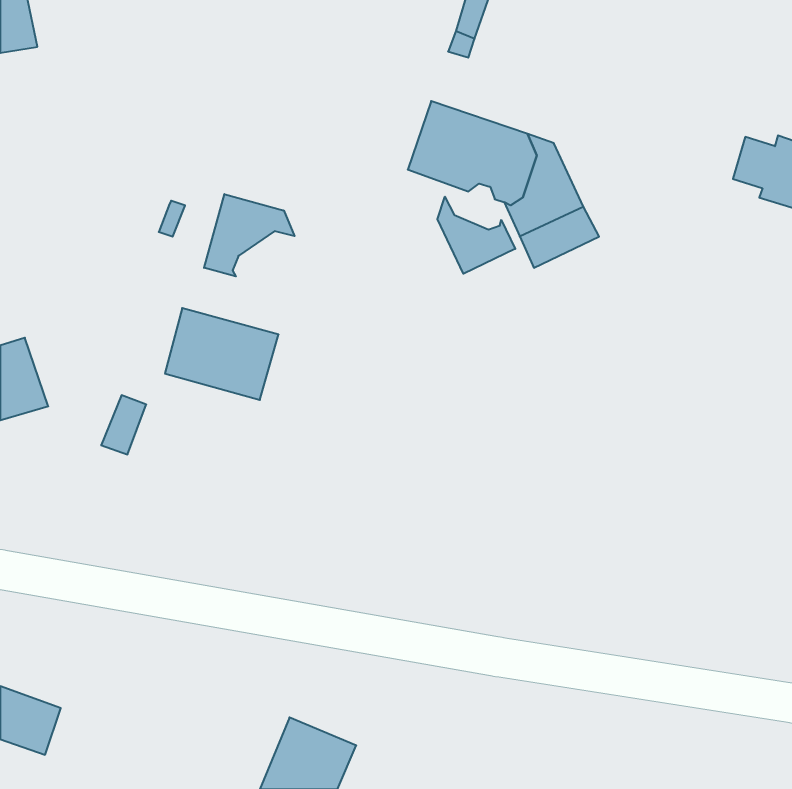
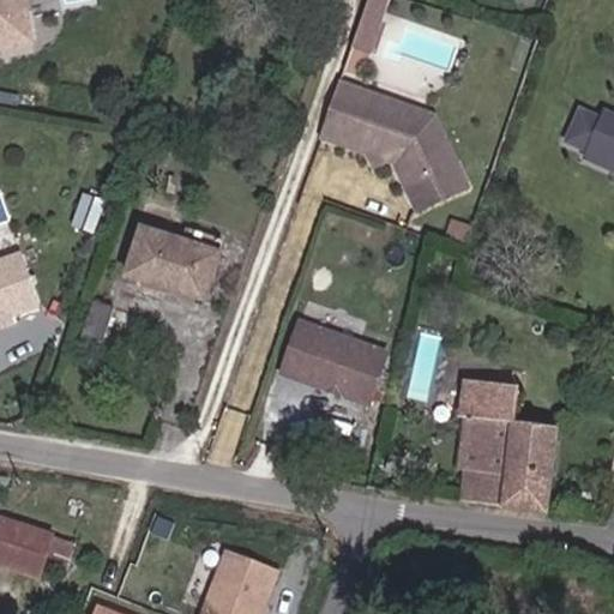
building: [204,194,295,276] -> none
building: [437,197,515,274] -> none
building: none -> [281,317,386,398]
building: none -> [457,375,550,507]

